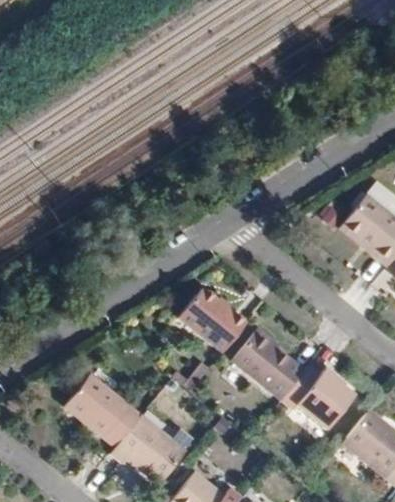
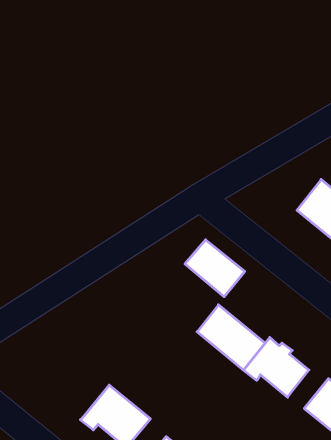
building: [181,290,245,351] -> [185,240,245,297]
building: [62,376,139,450] -> none

